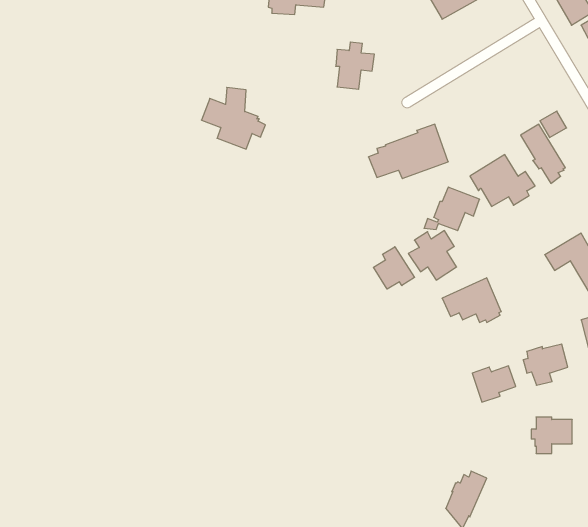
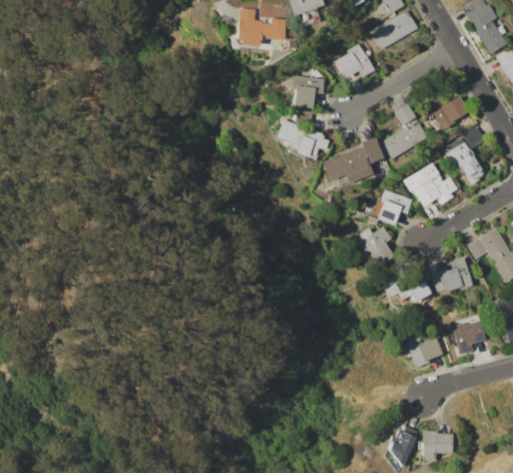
building: none -> [336,43,376,78]
building: none -> [429,95,469,129]
building: none -> [381,103,429,160]
building: [201,87,265,149] -> [277,109,330,160]
building: [373,247,415,289] -> none
building: none -> [432,258,473,293]
building: [531,417,572,453] -> [419,431,453,461]

